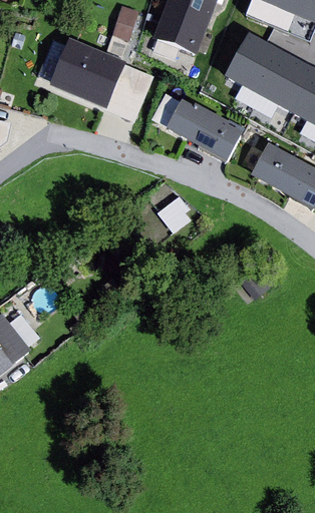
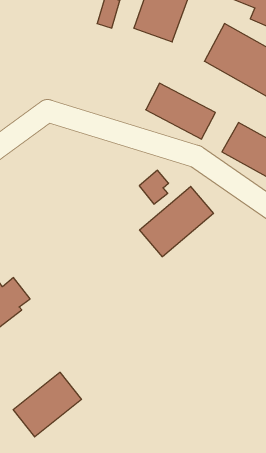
building: [48,38,155,122] -> none
building: none -> [140,186,213,257]
building: none -> [13,372,81,437]

